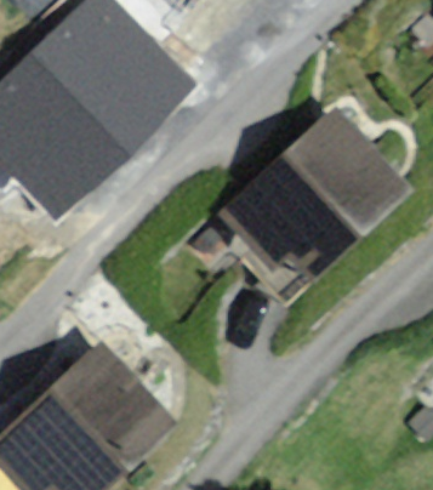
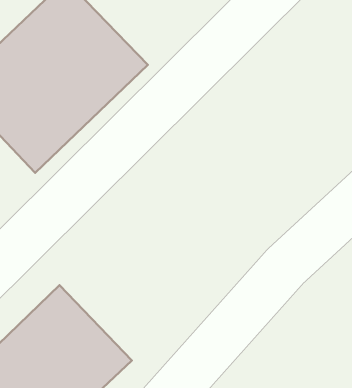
building: [226,113,401,272] -> none

